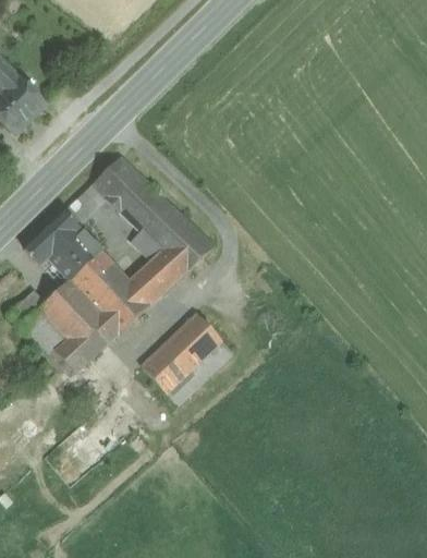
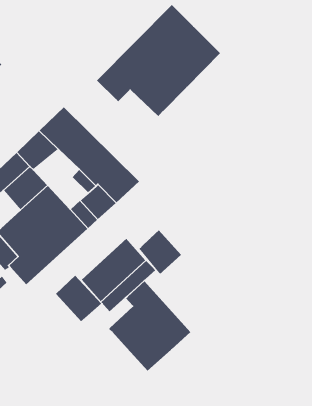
building: none -> [96,4,221,117]
building: none -> [138,230,182,275]
building: none -> [55,275,102,322]
building: none -> [108,280,191,371]

